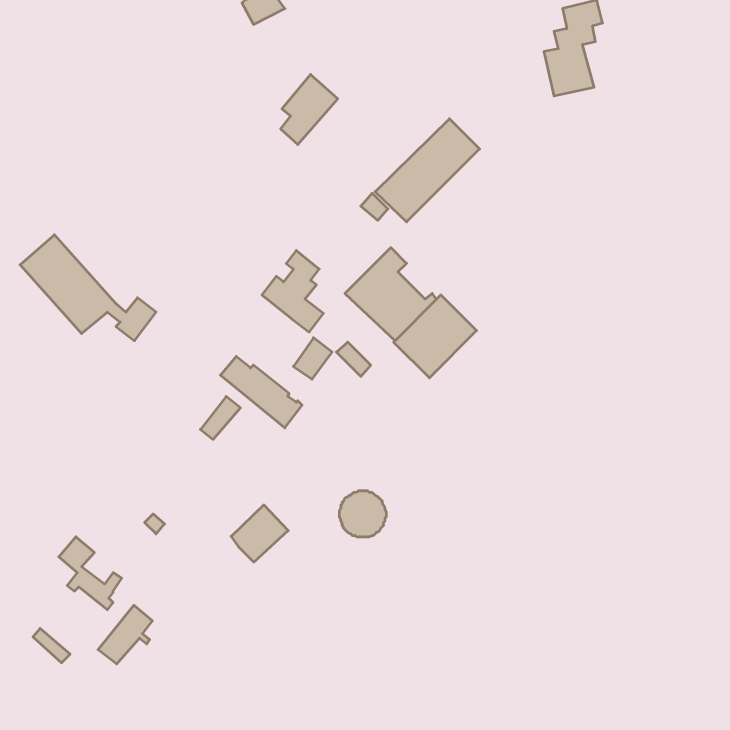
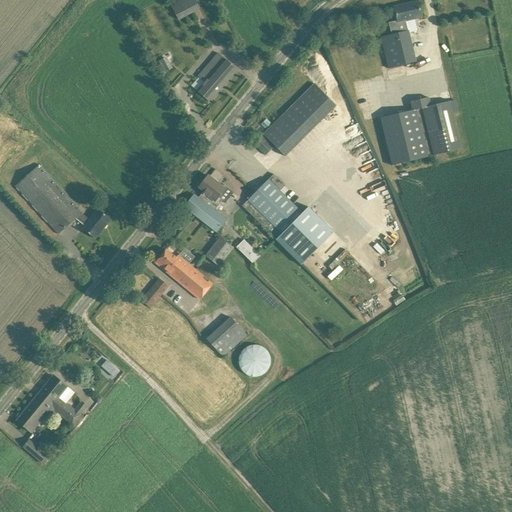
building: none -> [379,97,460,165]
building: [231,505,288,562] -> [206,316,246,356]
building: [98,605,152,664] -> [16,389,54,430]

